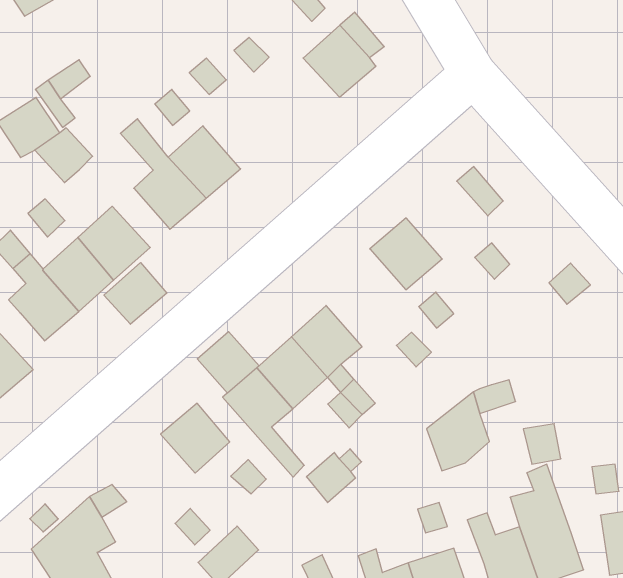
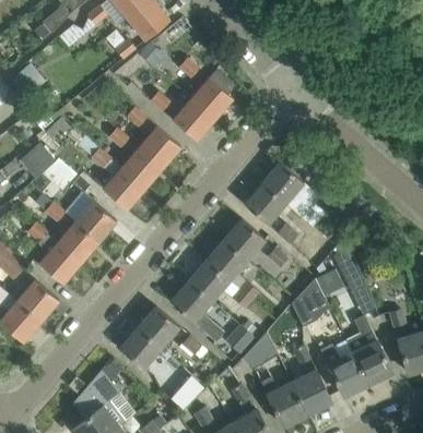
building: none -> [173,99,214,140]
building: none -> [138,125,180,168]
building: none -> [262,161,304,204]
building: [104,263,167,324] -> none
building: none -> [223,219,266,261]
building: [197,332,259,393] -> none
building: none -> [333,245,365,289]
building: none -> [120,327,161,368]
building: none -> [242,332,278,369]

